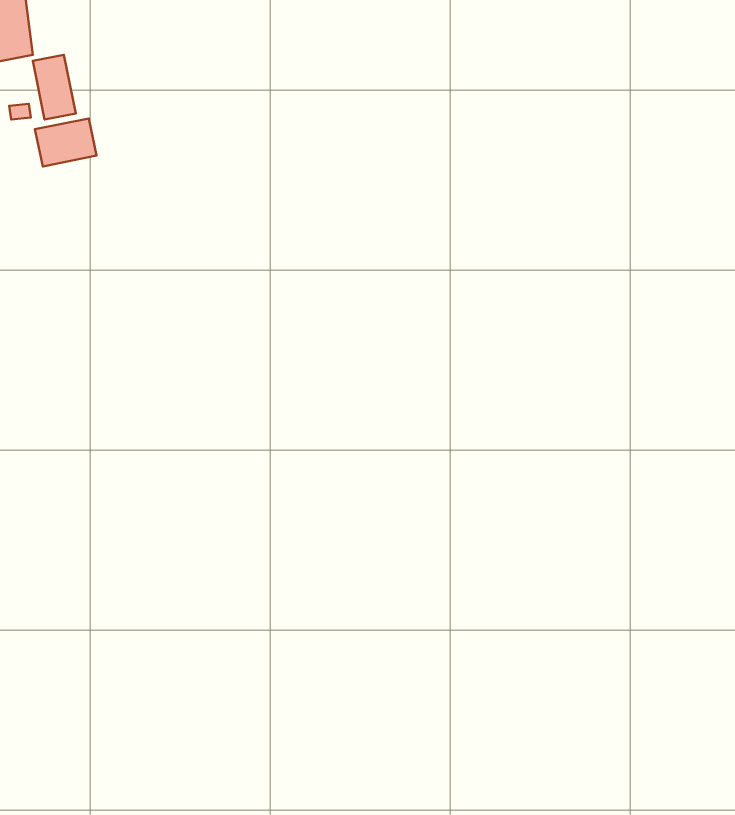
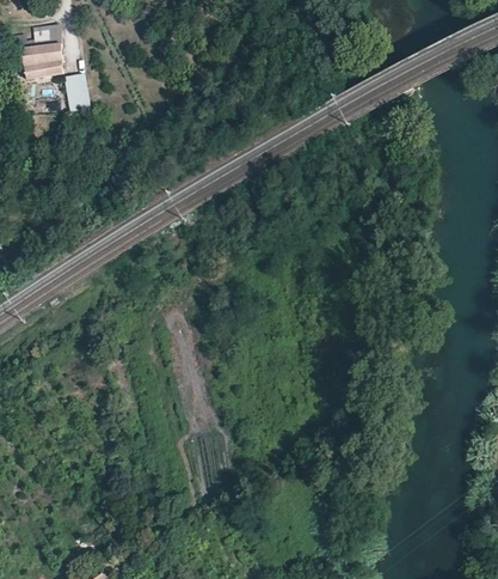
building: [35,118,97,166] -> none

